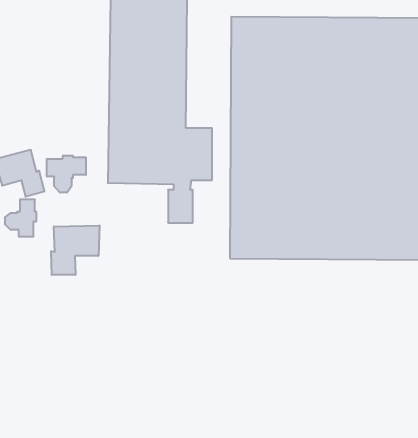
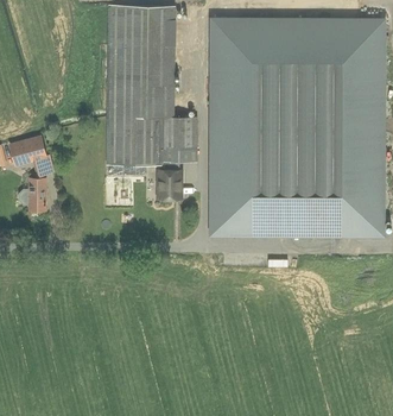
building: [47,156,86,193] -> none
building: [51,225,99,275] -> none

